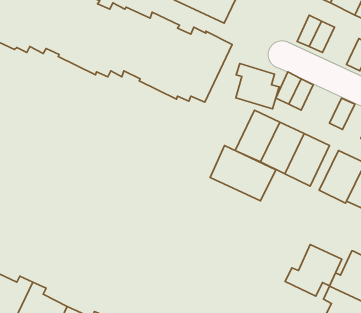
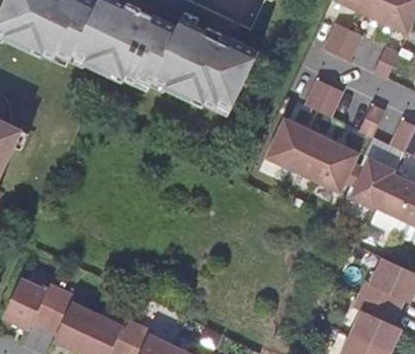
building: [236,64,279,109] -> none
building: [210,145,276,201] -> none
building: [285,244,342,296] -> none

